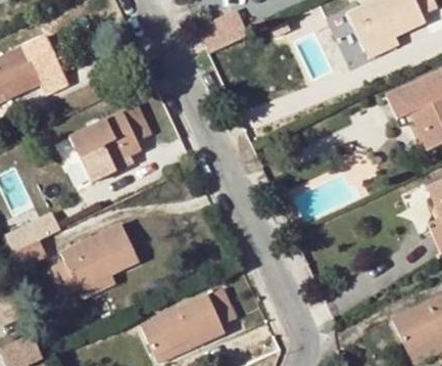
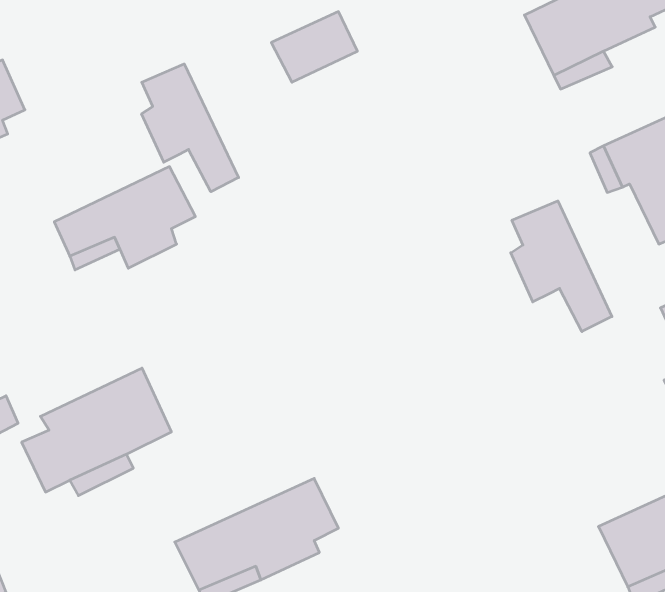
building: none -> [142,64,239,192]
building: none -> [511,201,612,332]

